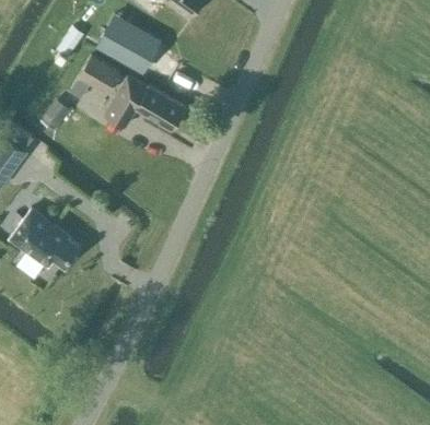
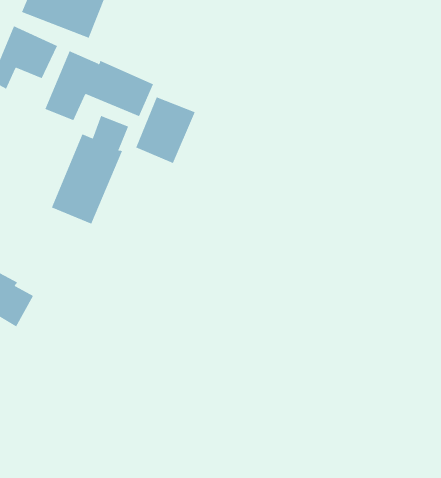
building: none -> [135,97,195,164]
building: none -> [51,115,129,225]

